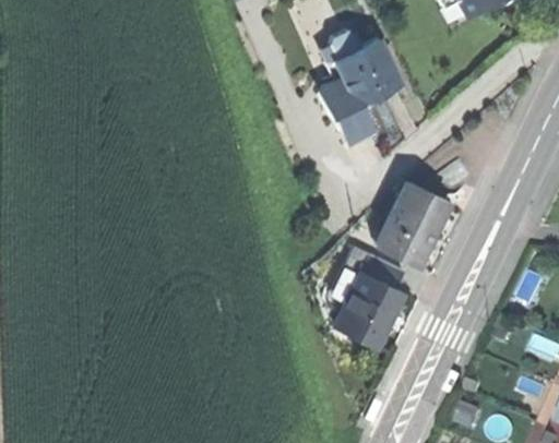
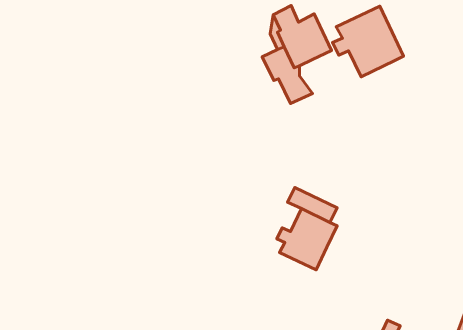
building: none -> [333,6,404,77]
building: [381,183,448,262] -> none

